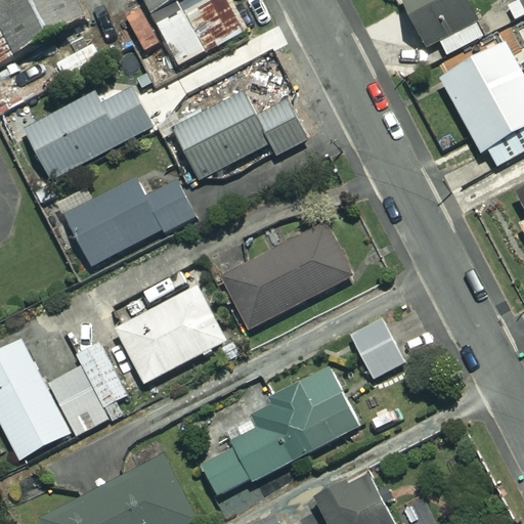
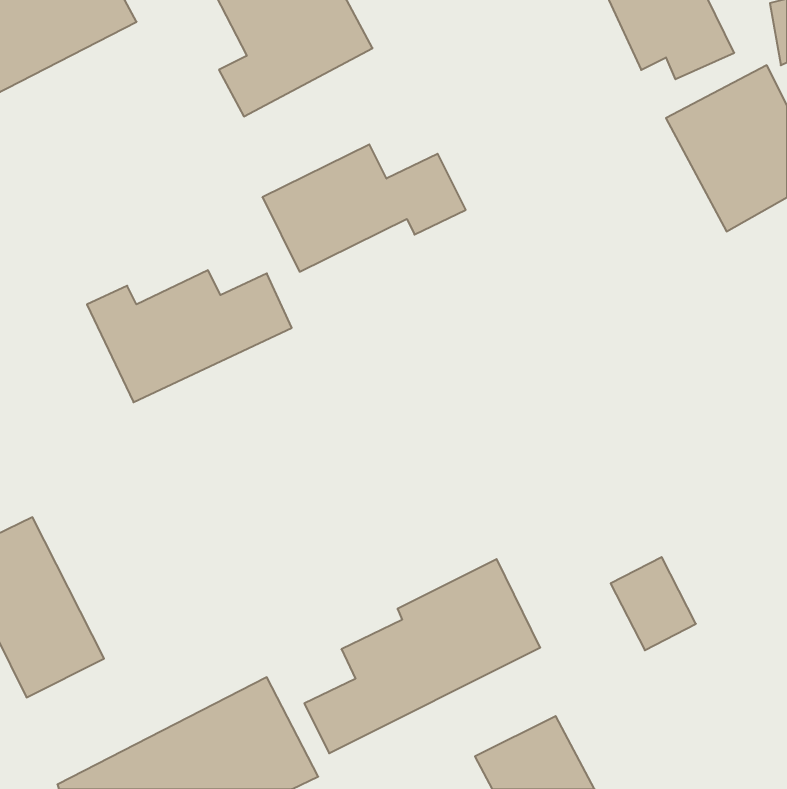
building: [24,87,155,179] -> none
building: [220,224,350,329] -> none
building: [115,286,226,383] -> none
building: [349,317,405,379] -> [611,557,696,650]
building: [51,319,131,434] -> none

